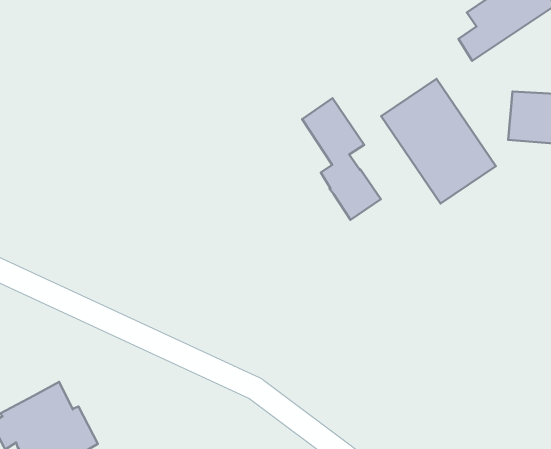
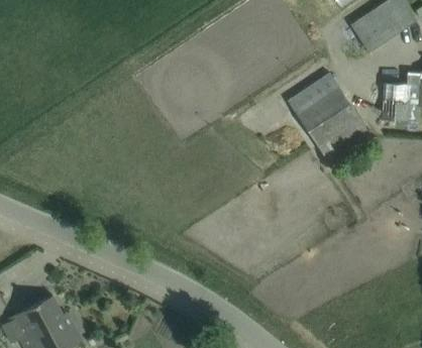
building: [302,98,381,220] -> none

